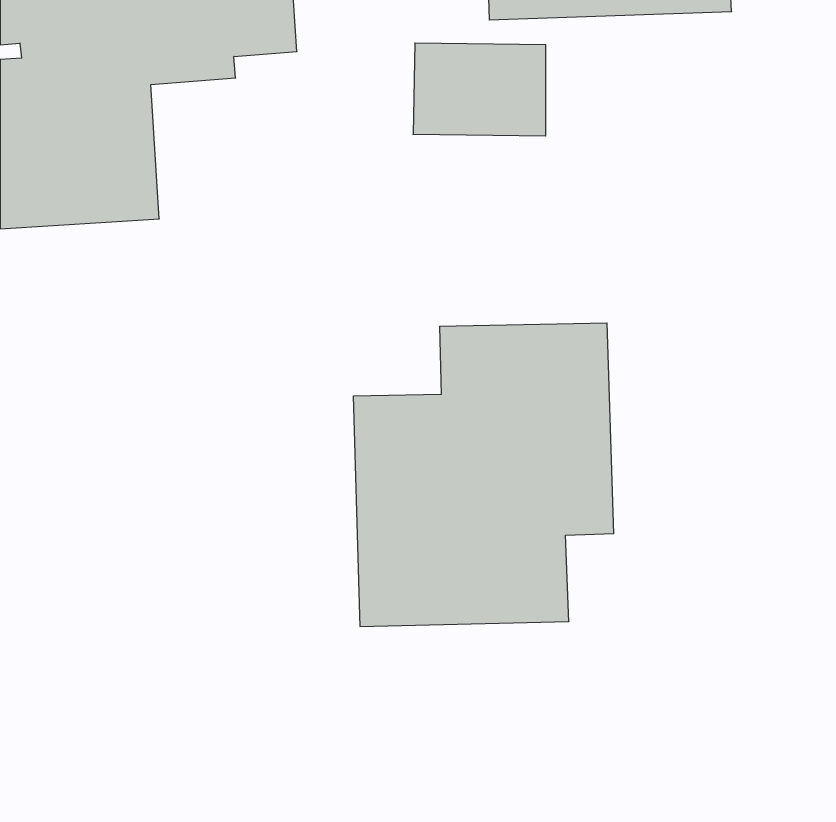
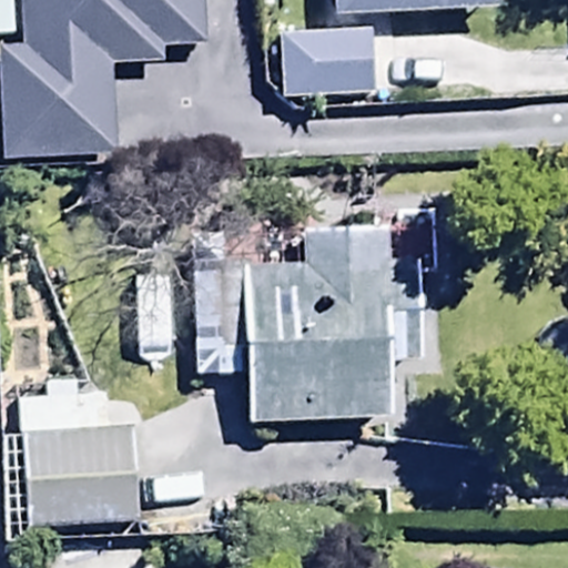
building: none -> [22,430,138,525]

